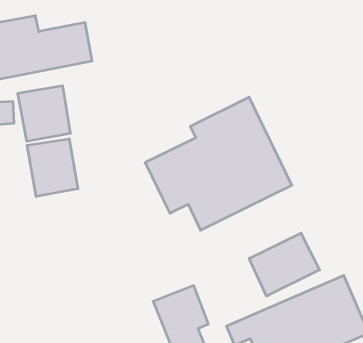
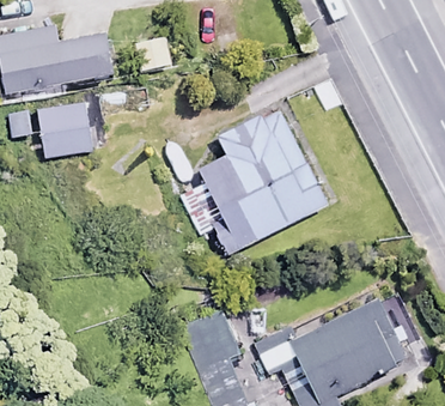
building: [27,139,78,197] -> none
building: [249,233,320,296] -> none

